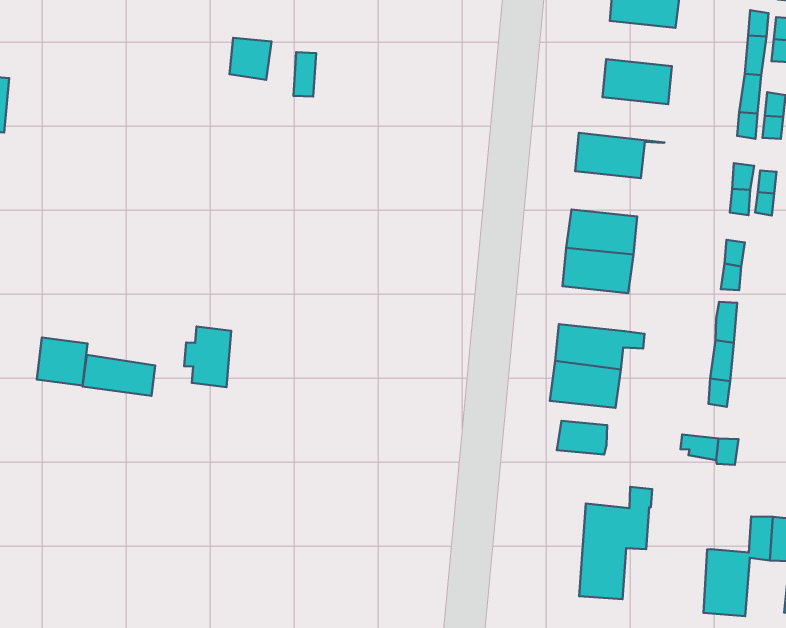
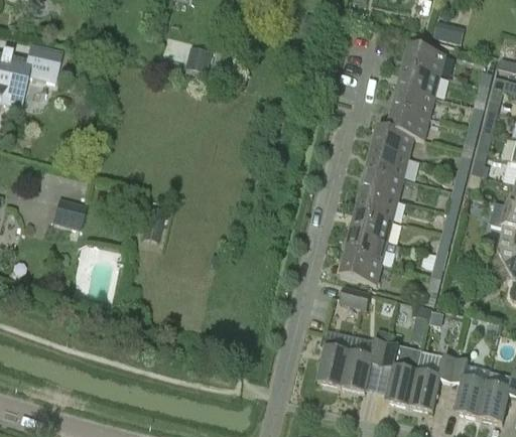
building: none -> [398,66,439,97]
building: none -> [377,109,429,139]
building: none -> [367,148,408,178]
building: none -> [351,211,392,242]
building: [83,355,155,396] -> none
building: none -> [317,330,352,387]
building: none -> [382,342,422,406]

